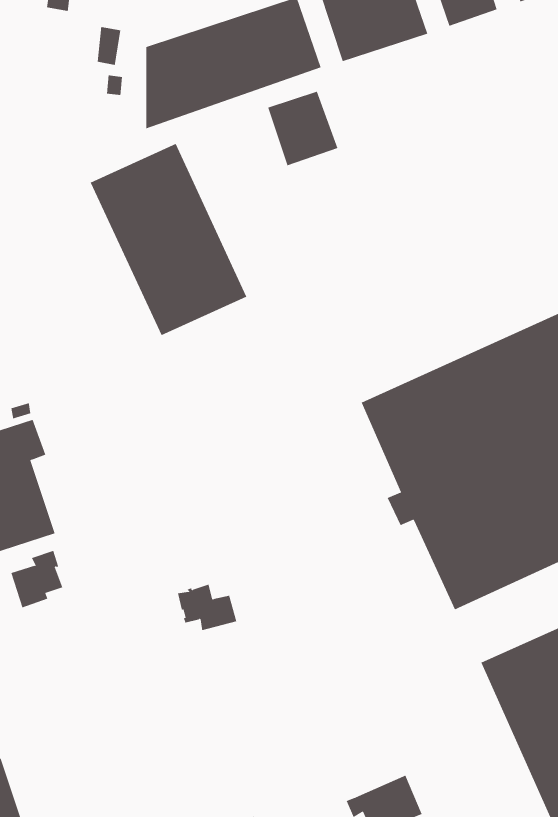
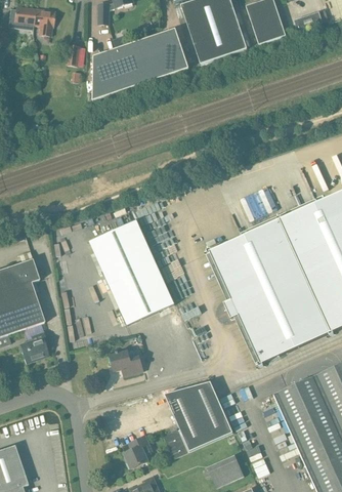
building: [268,91,338,166] -> none
building: [90,143,247,336] -> [88,219,174,325]
building: none -> [163,381,232,458]
building: none -> [124,437,151,468]

